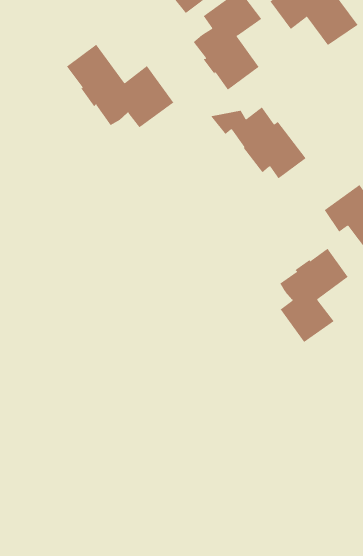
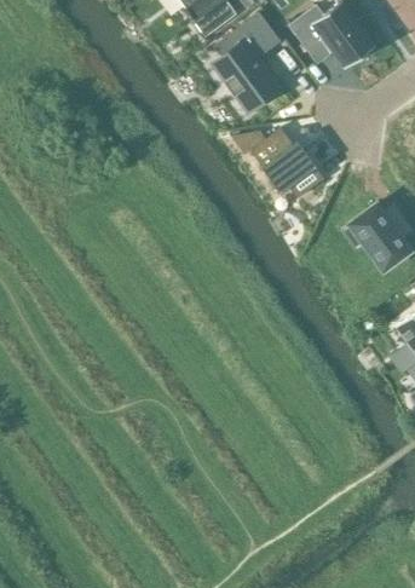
building: [66,44,174,128] -> none
building: [280,248,349,343] -> none

